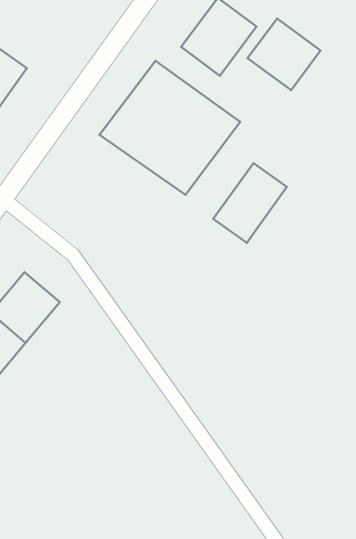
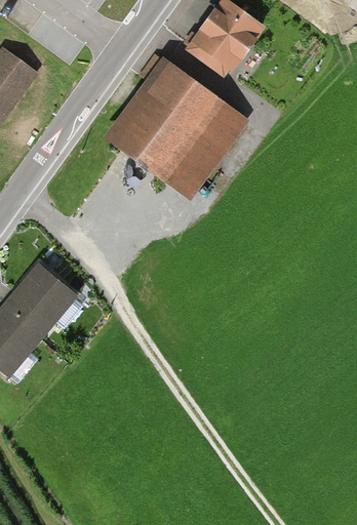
building: [248,18,321,90] -> none
building: [213,163,287,243] -> none

